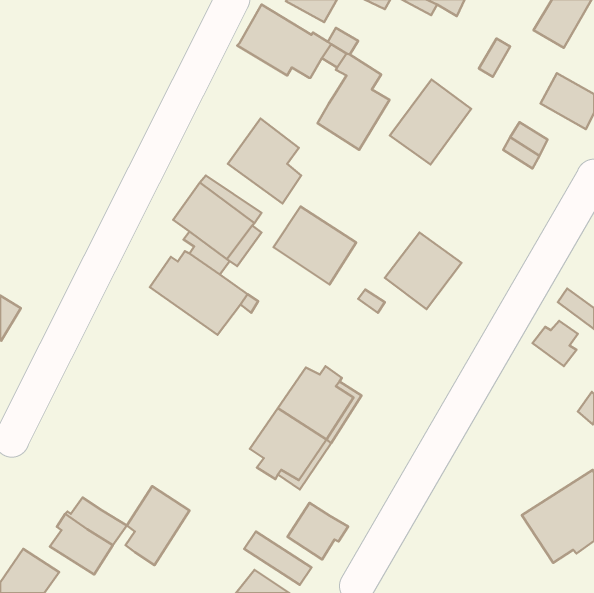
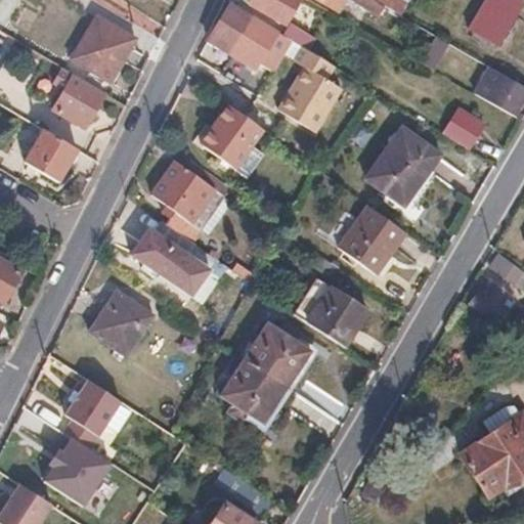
building: none -> [72,16,134,80]
building: none -> [52,69,102,128]
building: [390,80,471,165] -> [367,128,439,203]
building: none -> [24,130,75,180]
building: [274,206,356,284] -> [294,278,366,347]
building: none -> [90,290,154,354]
building: [126,486,189,565] -> [64,380,121,449]
building: [288,503,348,560] -> none

